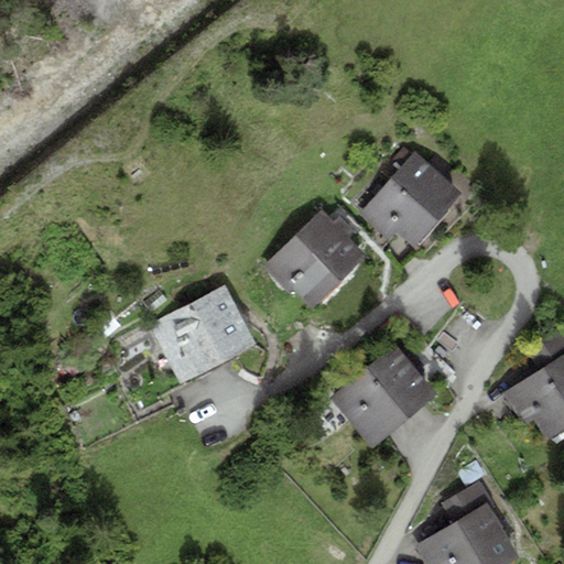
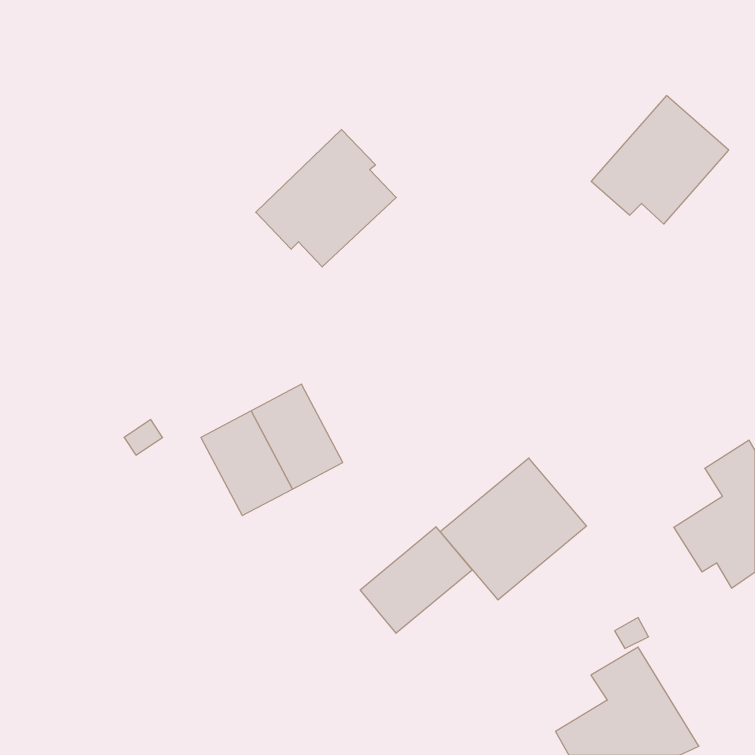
building: [359,151,462,247] -> [591,96,729,224]
building: [262,205,367,307] -> [256,130,396,267]
building: none -> [360,527,472,633]

